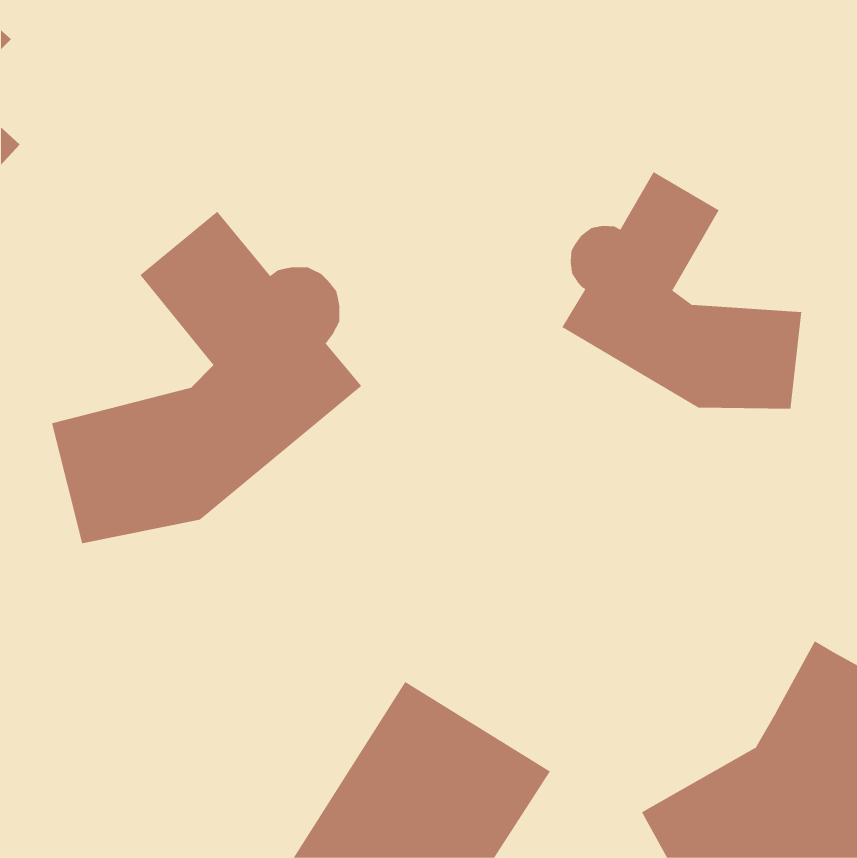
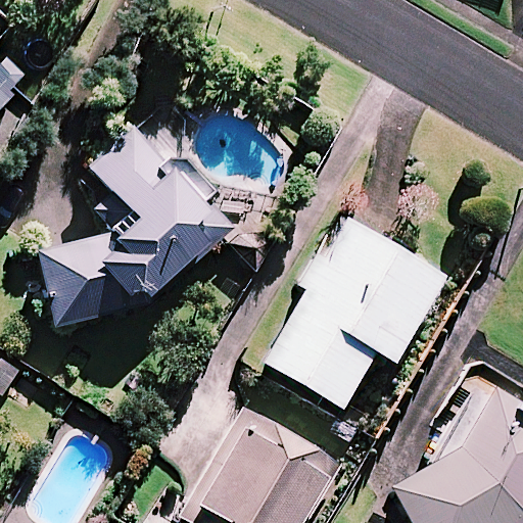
building: [562,171,802,409] -> none
building: none -> [265,217,445,409]

